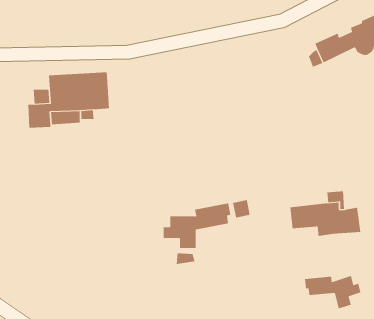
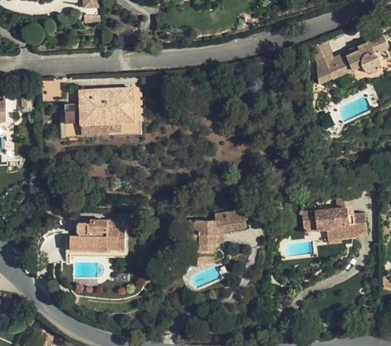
building: none -> [68,219,125,257]
building: [304,275,361,309] -> none

